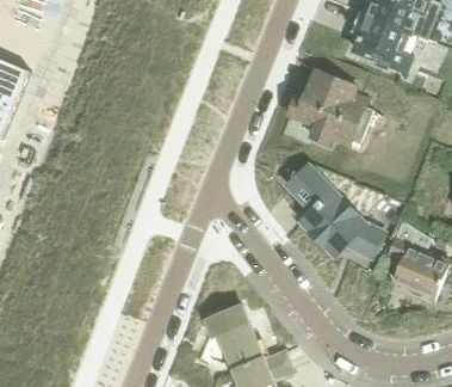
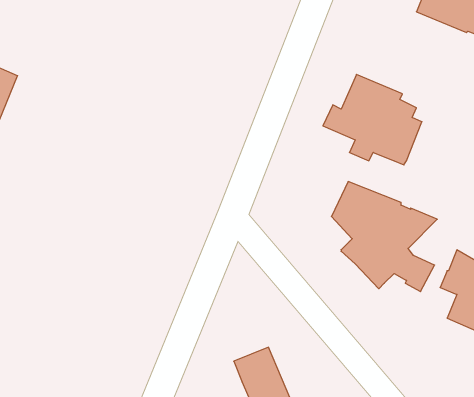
building: [353,18,410,74] -> none

